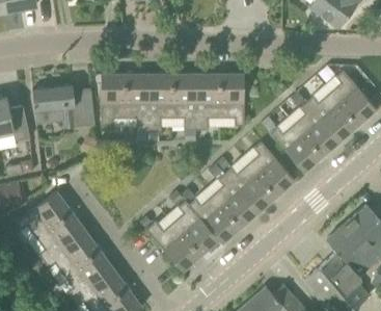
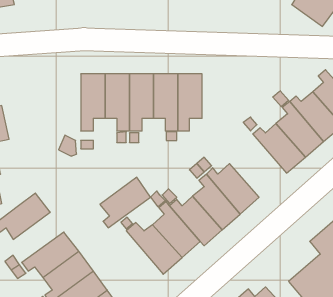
building: [220,74,244,126] -> none
building: [32,84,94,128] -> none
building: [247,141,294,196] -> none
building: [34,210,84,260] -> [100,177,151,228]

